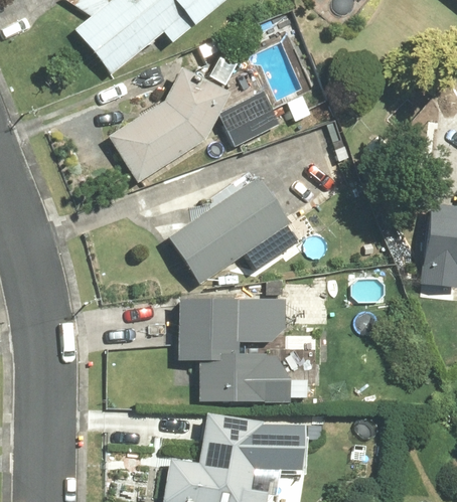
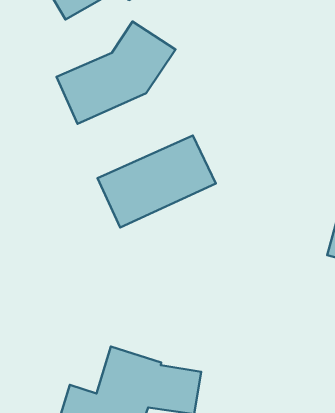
building: [221,90,286,150] -> none
building: [178,296,292,399] -> none

